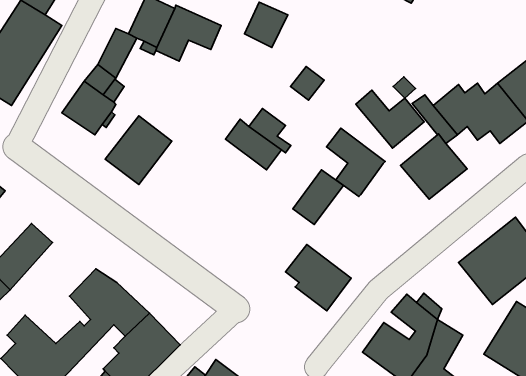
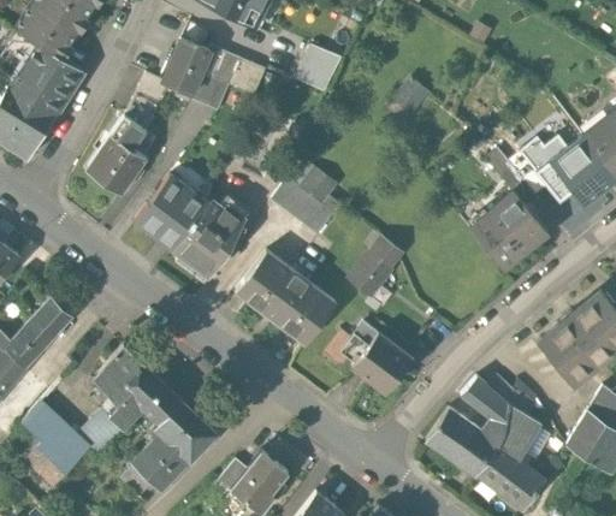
building: [290,66,324,100] -> [392,77,431,115]
building: [356,90,424,148] -> none
building: [326,128,385,197] -> none
building: none -> [172,197,244,278]
building: none -> [236,250,334,344]

